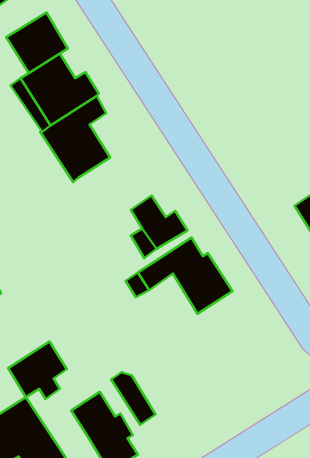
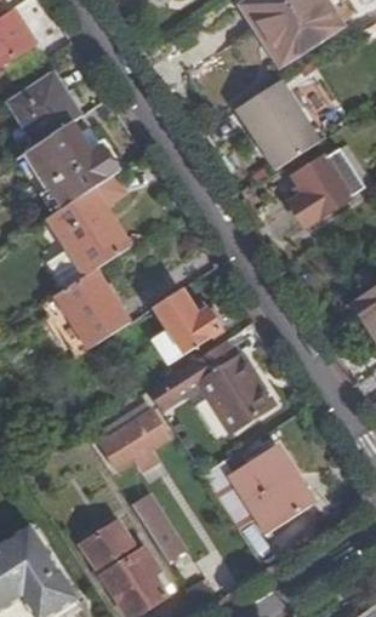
building: none -> [234,78,319,168]
building: none -> [290,158,349,225]
building: none -> [53,269,127,349]
building: none -> [235,451,313,535]
building: [8,341,67,399] -> [99,406,169,474]

